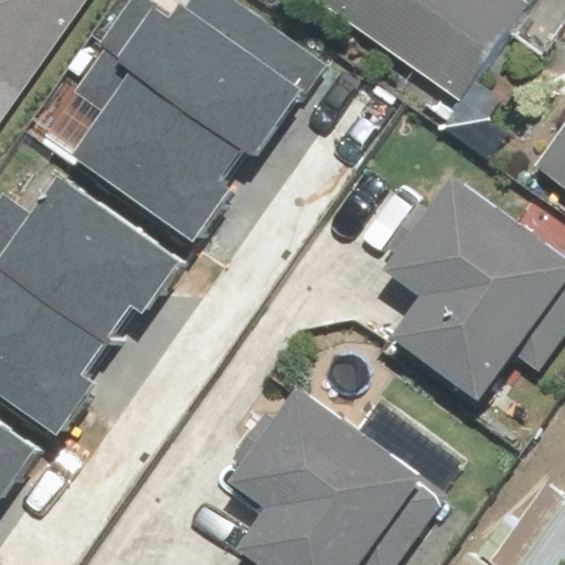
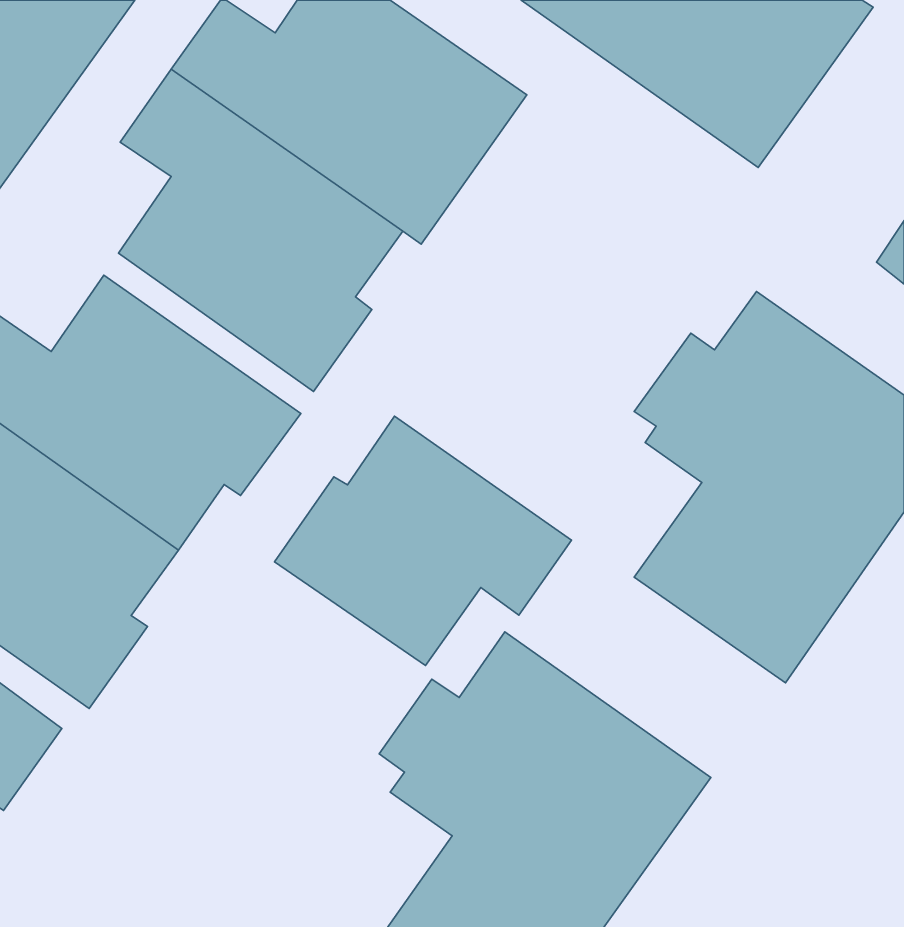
building: none -> [275,416,572,666]

